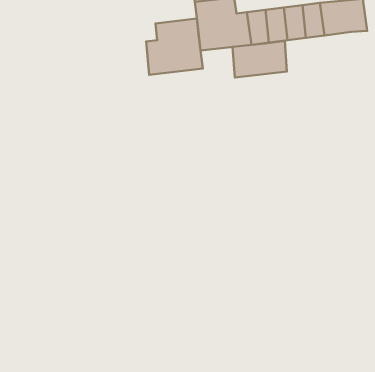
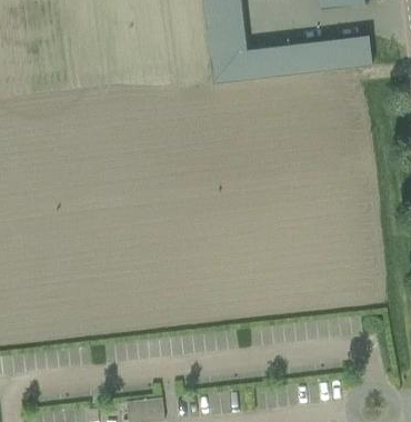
building: [146,19,203,75] -> none
building: [233,41,287,78] -> none

